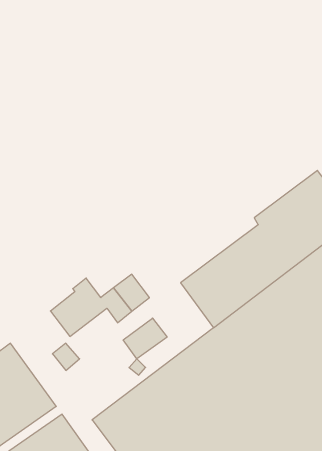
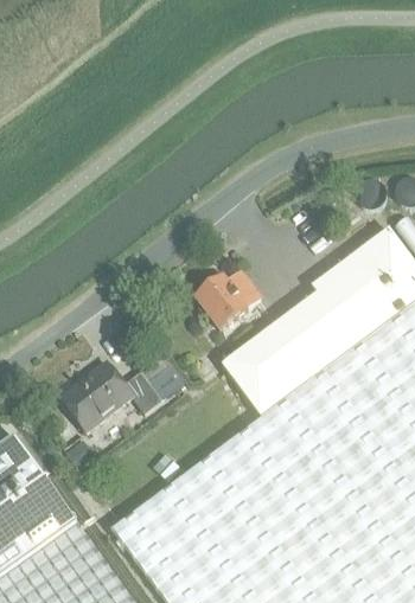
building: none -> [196,270,262,329]
building: [123,318,167,359] -> none

